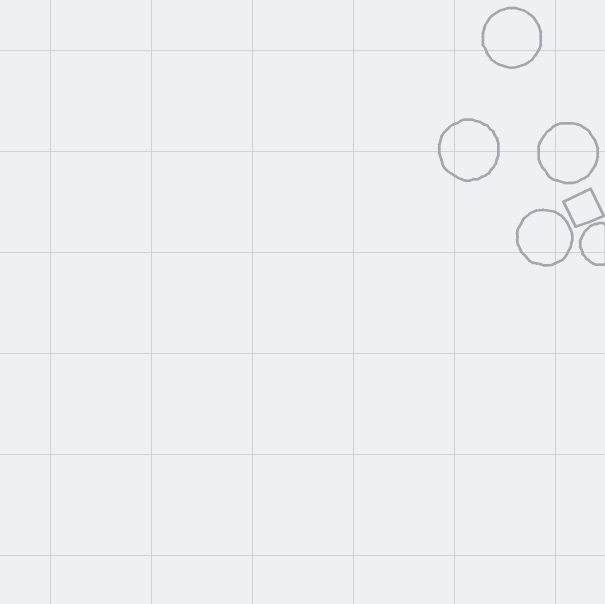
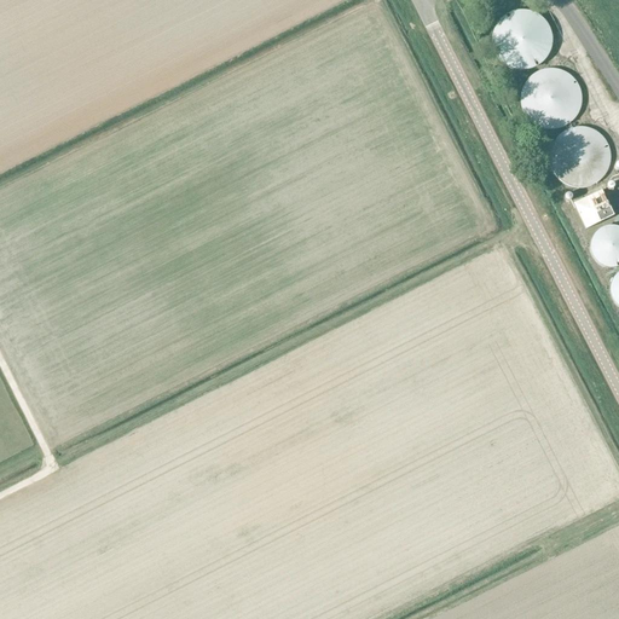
building: [439,120,498,180] -> [521,66,582,128]
building: [517,210,572,265] -> none

